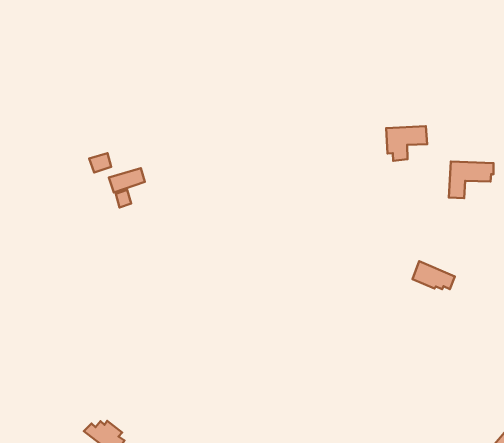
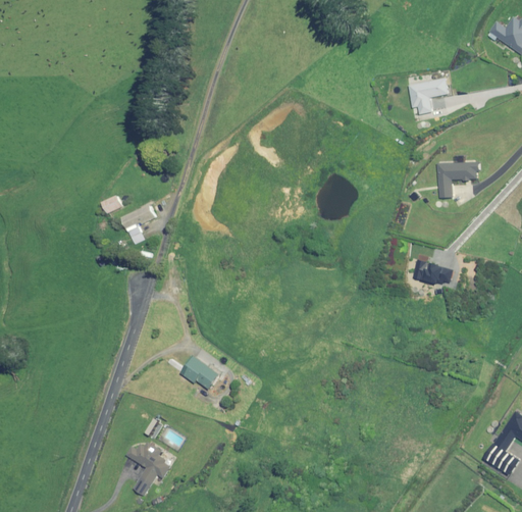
building: [386,126,427,161] -> [409,78,449,113]
building: none -> [180,355,218,388]

